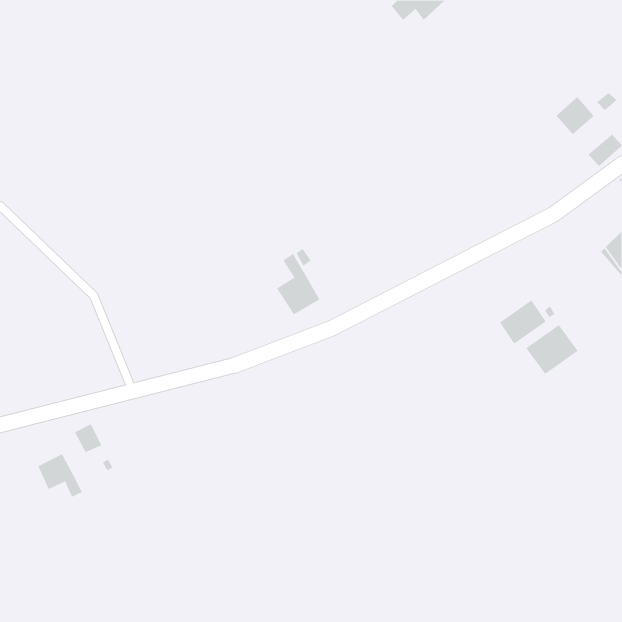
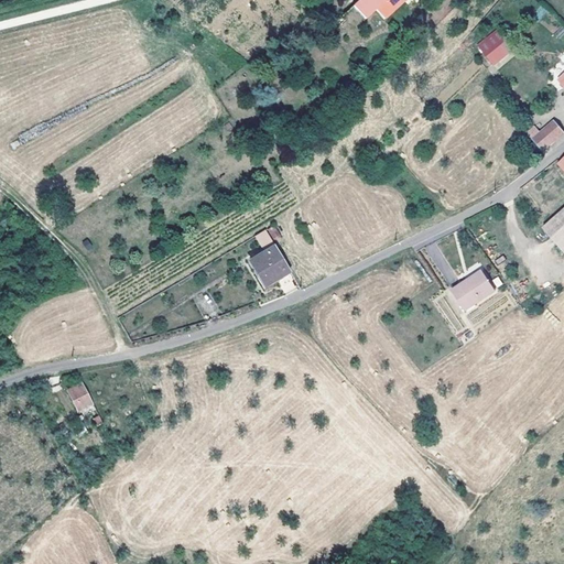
building: [556,96,594,135] -> [477,26,512,62]
building: [525,324,579,375] -> none
building: [38,453,83,497] -> none

